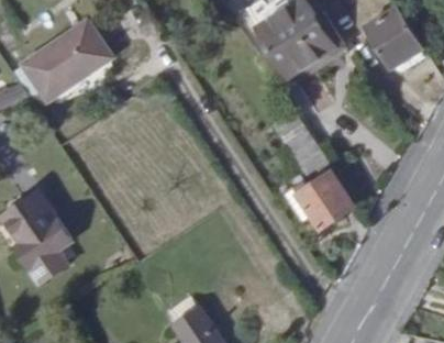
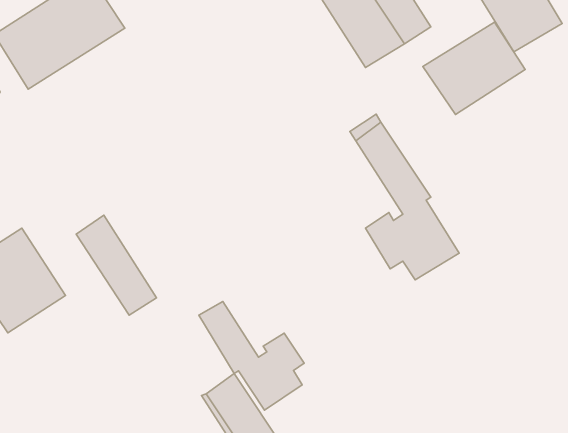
building: none -> [423,22,525,115]
building: none -> [76,215,156,315]
building: none -> [199,302,304,410]

